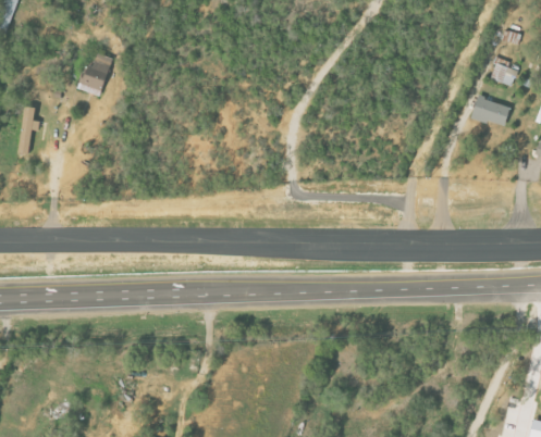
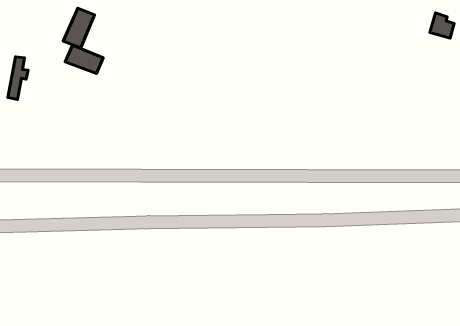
building: none -> [65,45,103,74]
building: [470,97,509,127] -> none

